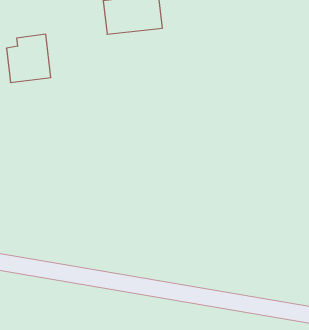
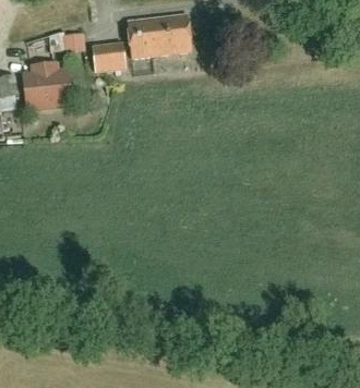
building: none -> [92,43,125,72]

